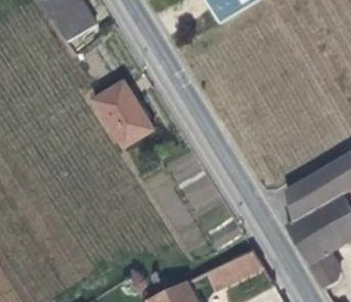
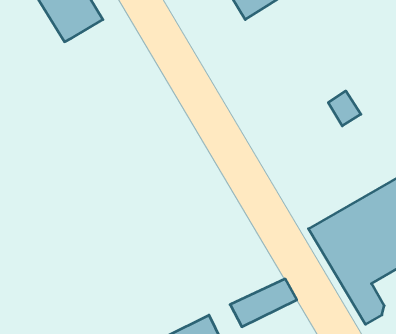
building: [91,76,153,143] -> none

